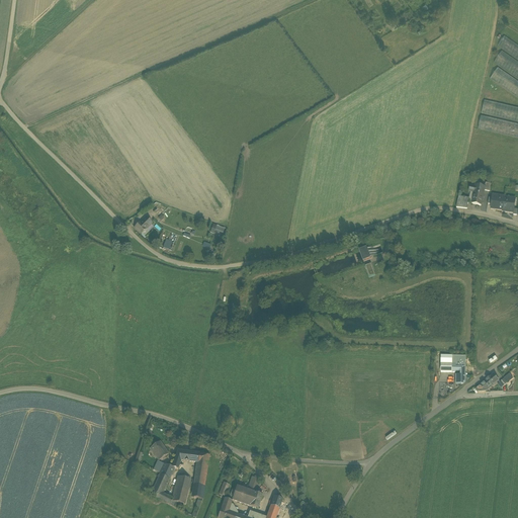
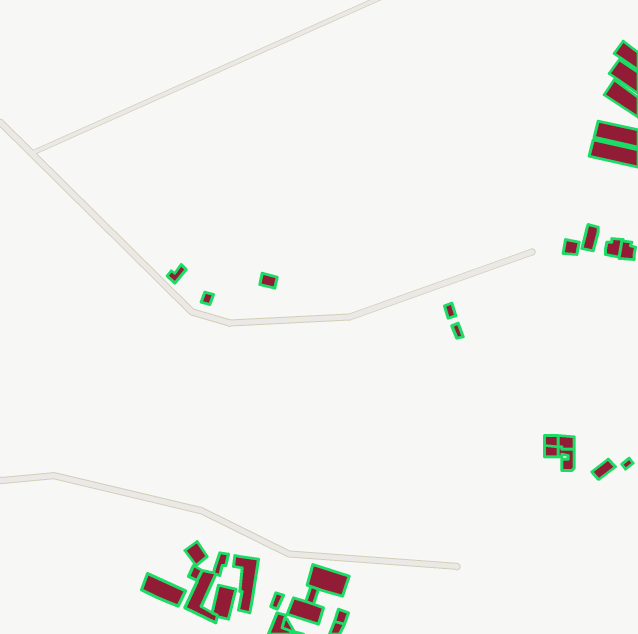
building: none -> [307,565,349,596]
building: none -> [142,574,186,606]

